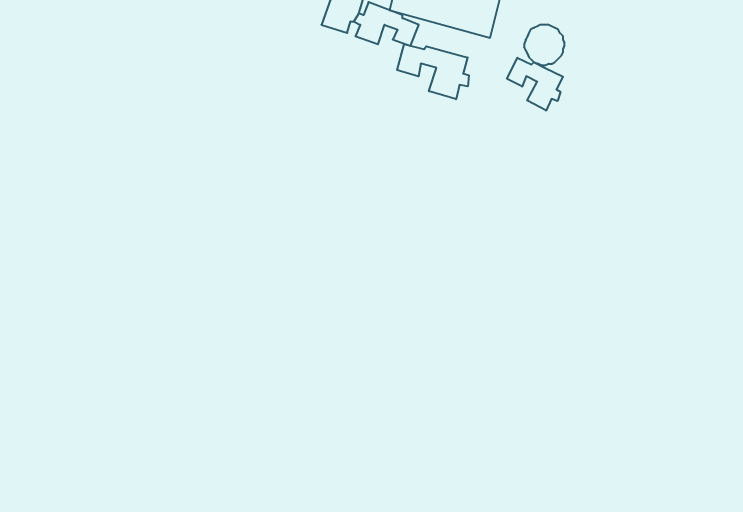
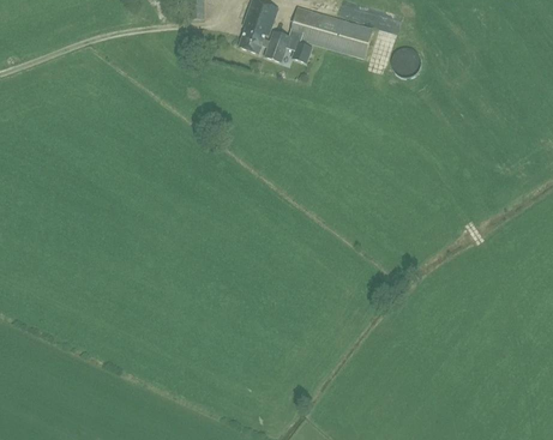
building: [397,44,469,99] -> none
building: [507,58,563,111] -> none

